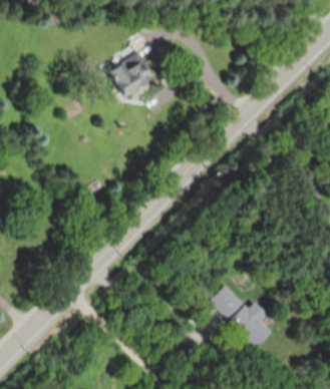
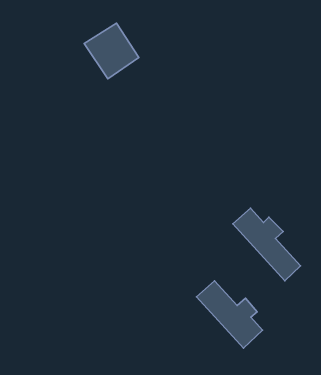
building: none -> [233,208,301,281]

